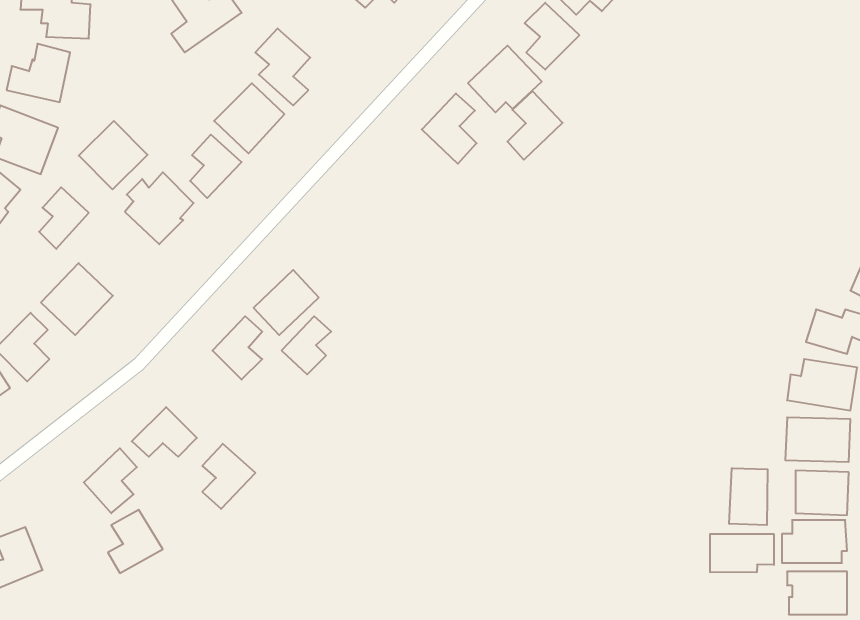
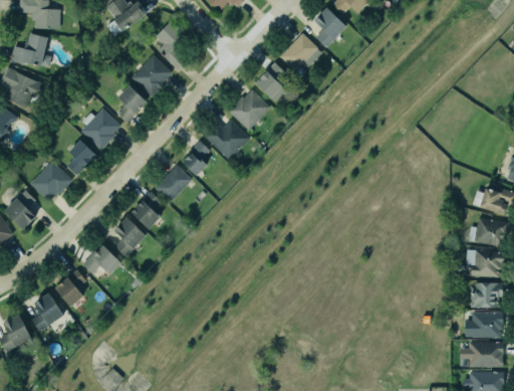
building: [507,91,563,160] -> none
building: [79,121,148,189] -> none
building: none -> [228,89,270,130]
building: [39,187,89,249] -> [67,140,96,176]
building: none -> [203,120,249,160]
building: [282,316,331,374] -> [182,142,211,176]
building: [202,444,255,509] -> [113,218,145,256]
building: [729,468,768,525] -> none
building: [108,510,163,573] -> [32,294,64,331]
building: [710,534,774,572] -> none

